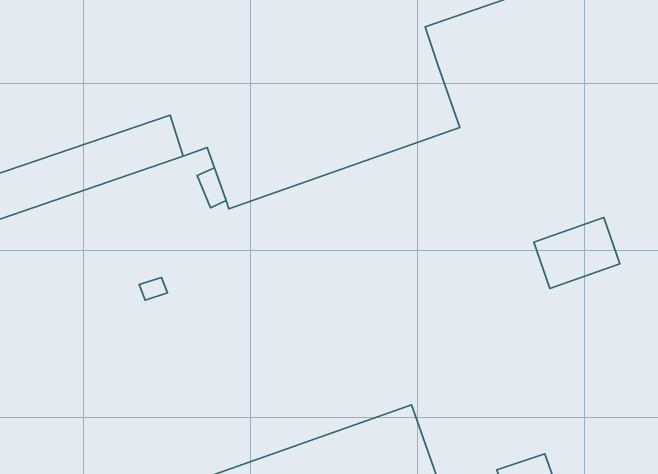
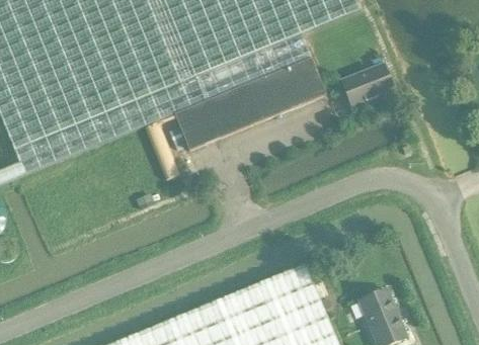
building: [534,218,620,288] -> [340,65,393,109]

